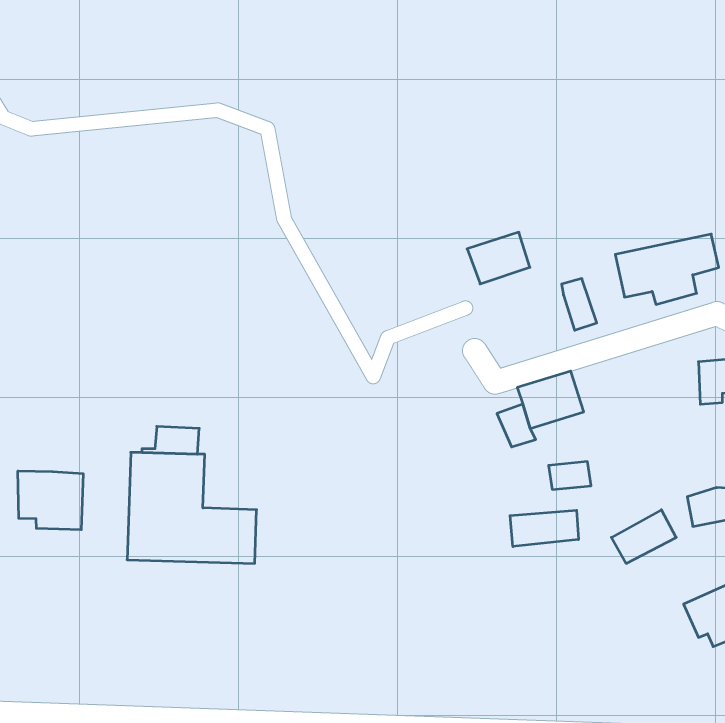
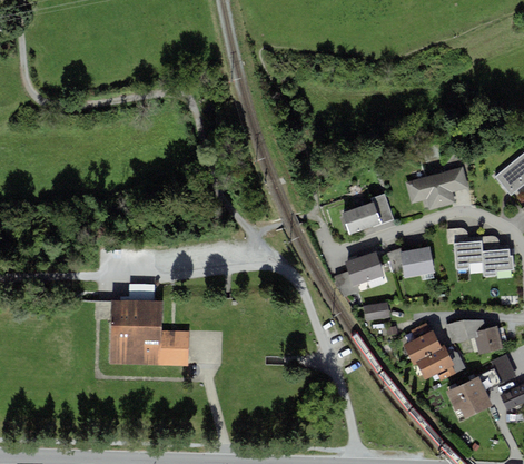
building: [467,232,530,284] -> [343,204,380,235]
building: none -> [390,246,436,278]
building: [18,471,83,530] -> none
building: [510,510,578,547] -> none
building: none -> [417,349,455,381]

